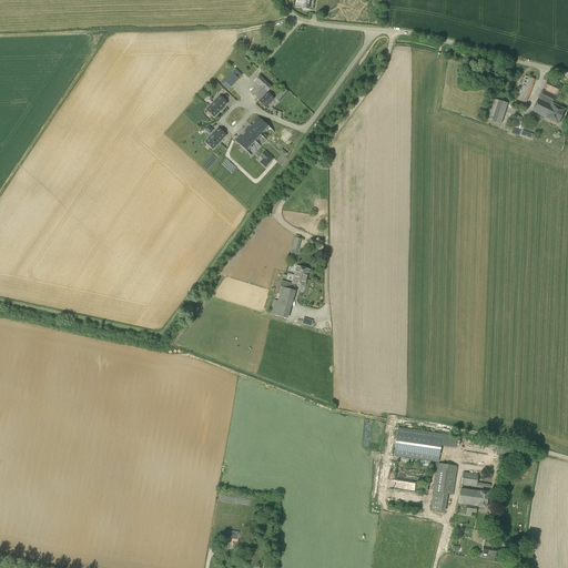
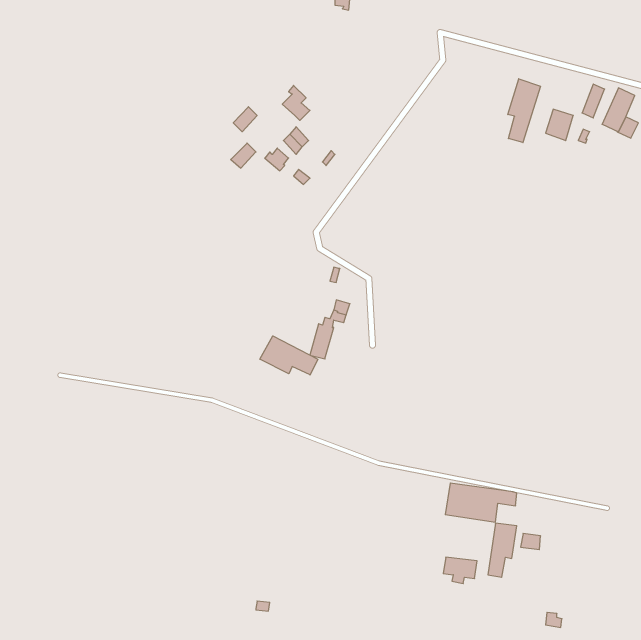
building: none -> [508,79,540,143]
building: none -> [260,336,318,375]
building: [458,488,488,511] -> [443,557,477,584]

